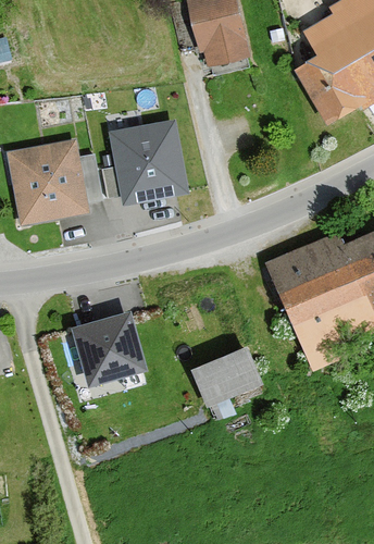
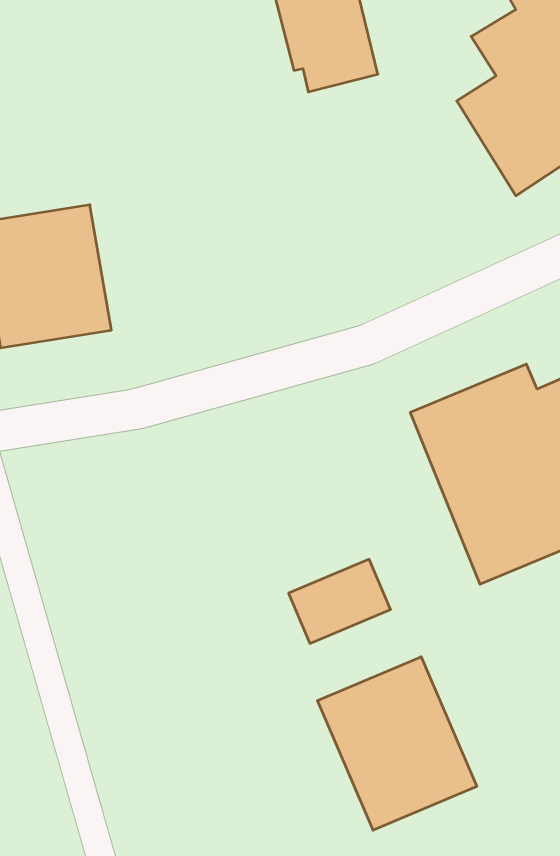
building: [110,120,185,201] -> none
building: [73,316,141,384] -> none
building: none -> [317,657,477,830]

